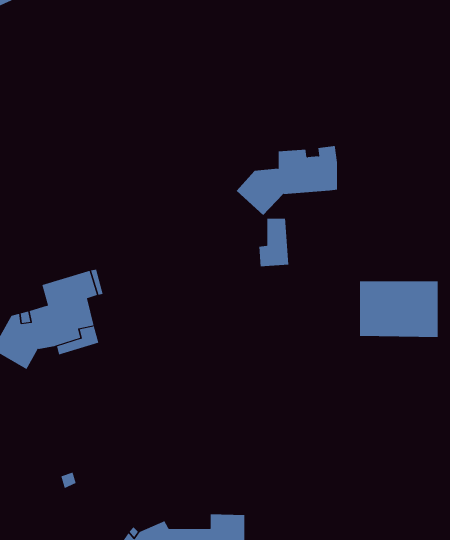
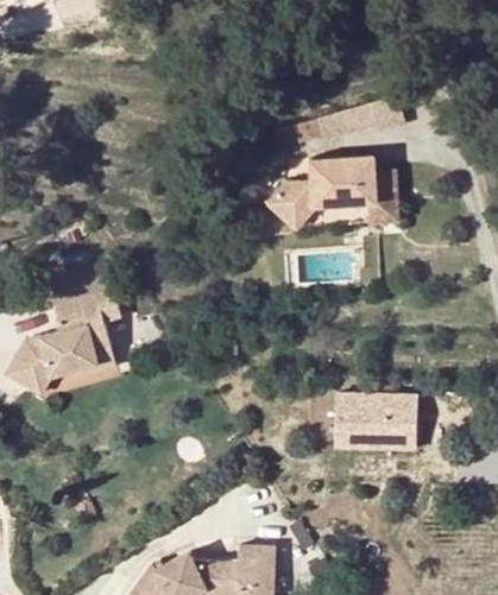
building: [259,218,289,267] -> [360,178,392,229]
building: [359,281,439,337] -> [339,393,422,452]

